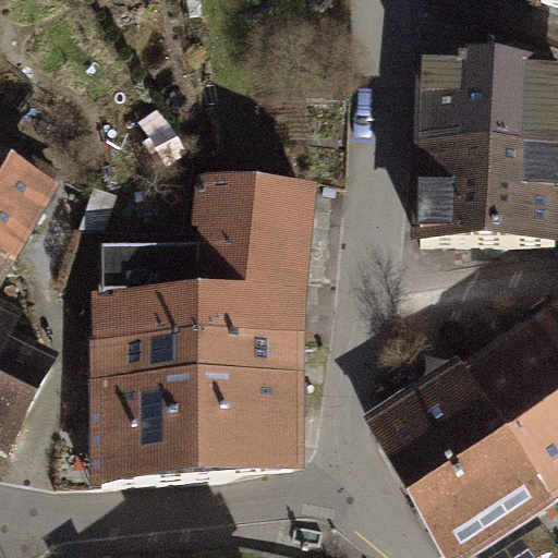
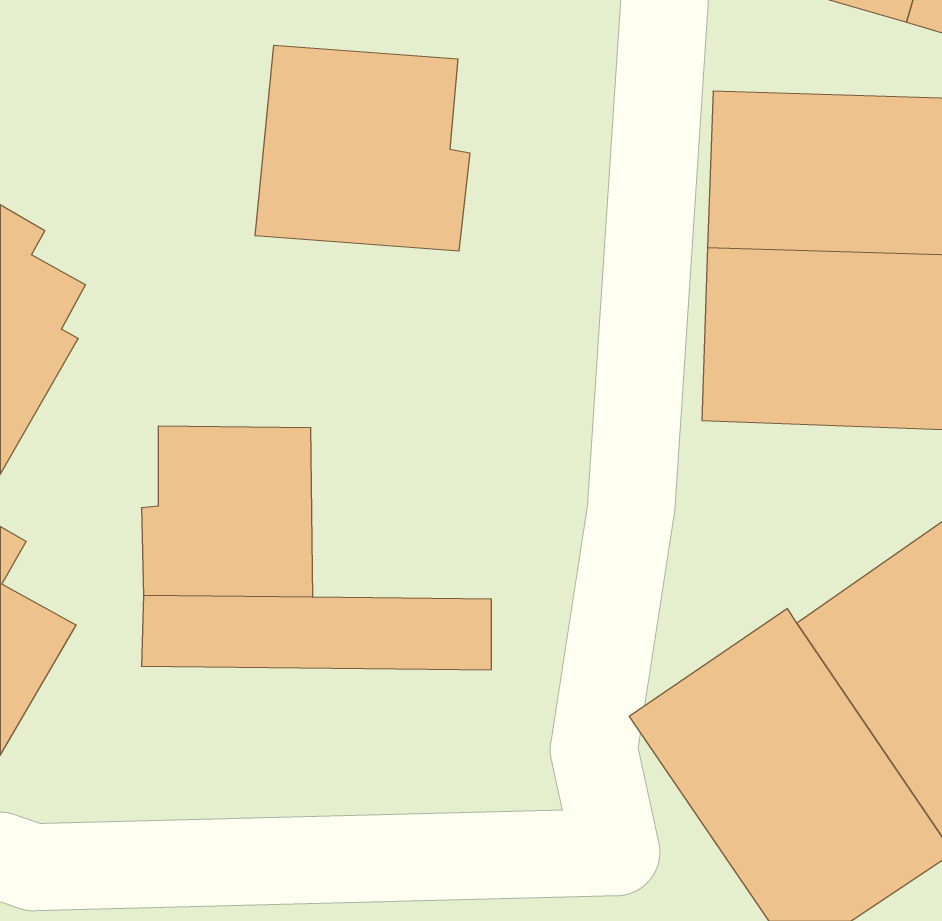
building: none -> [255,45,470,251]
building: [187,183,311,351] -> none
building: [87,390,293,485] -> none

